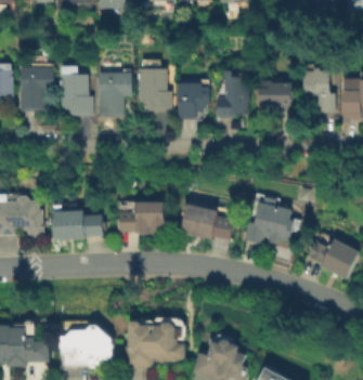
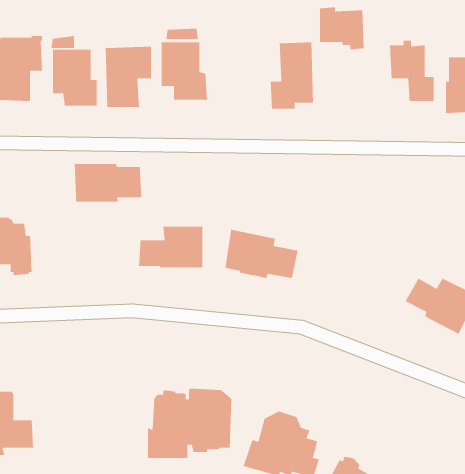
building: [255,80,287,112] -> [319,6,365,50]
building: [177,81,209,118] -> none
building: [247,194,297,245] -> none
building: [55,210,104,238] -> [74,163,142,203]
building: [57,319,114,368] -> none

